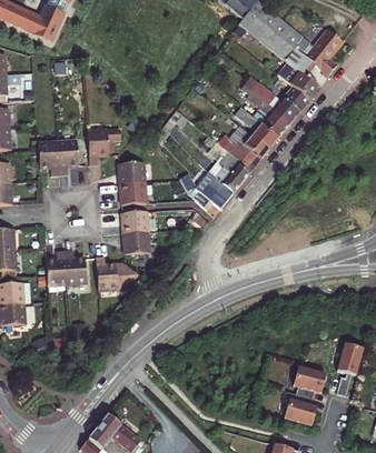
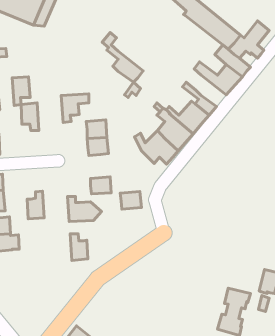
building: [243,79,294,141] -> [102,32,143,82]
building: [58,135,80,171] -> [12,77,30,105]
building: [122,209,149,231] -> [120,191,142,209]
building: [65,246,87,280] -> [70,234,88,261]

